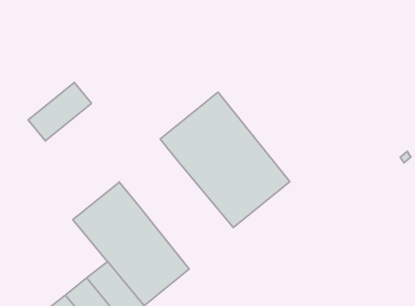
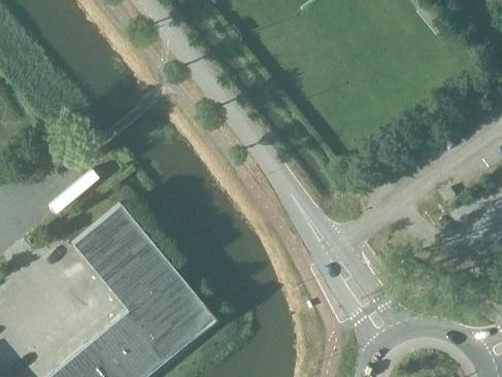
building: [28,82,91,141] -> [72,204,140,267]
building: [160,92,290,228] -> none

